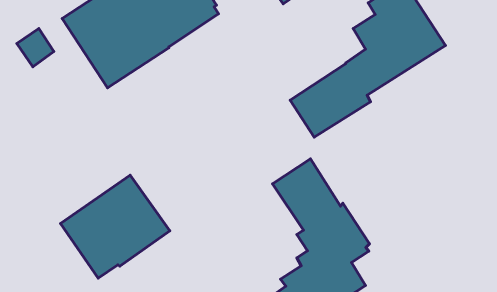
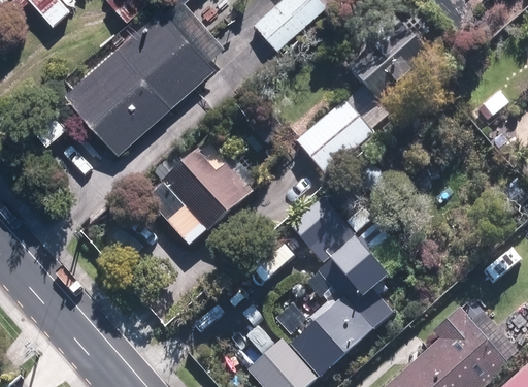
building: [61,175,170,278] -> [144,142,252,247]

